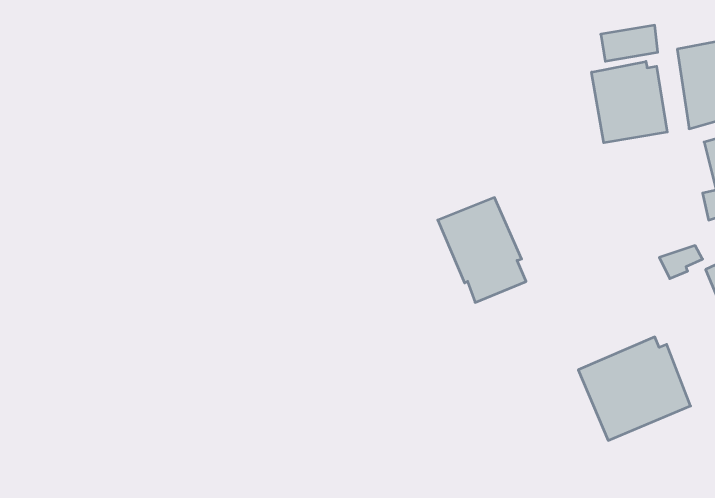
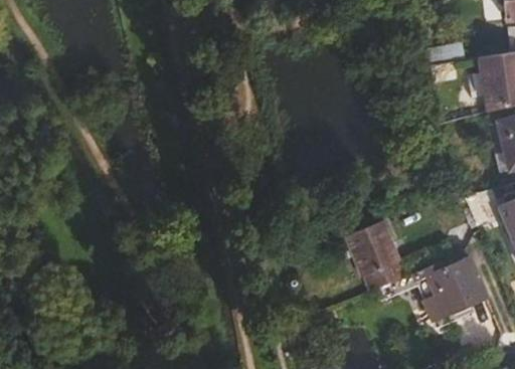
building: [592,61,667,143] -> none
building: [438,198,526,302] -> [345,220,404,291]

